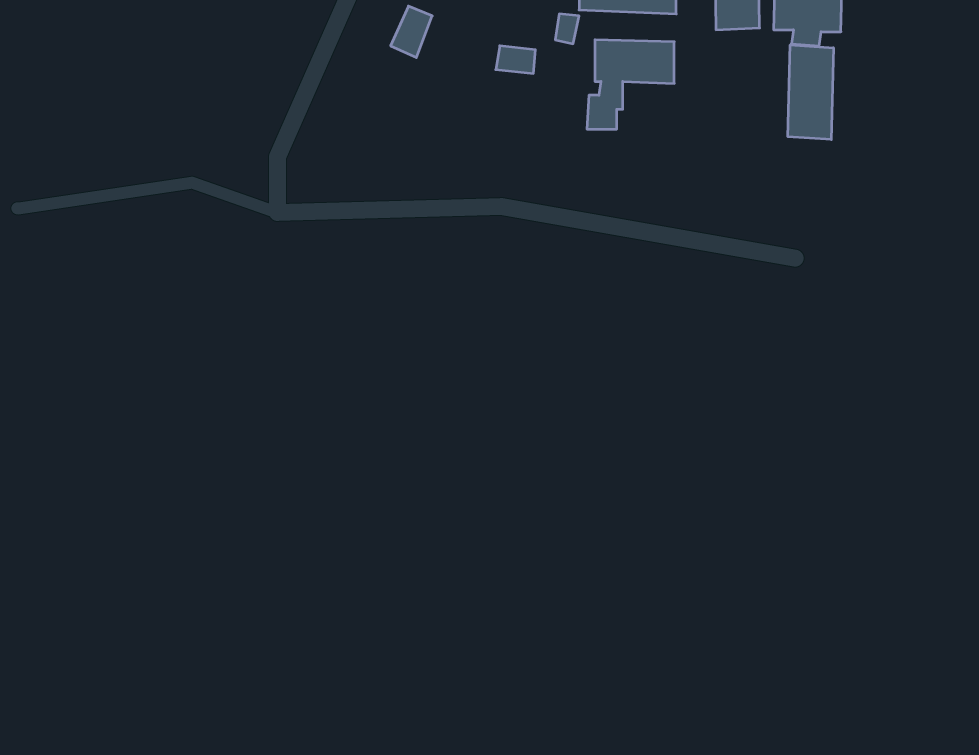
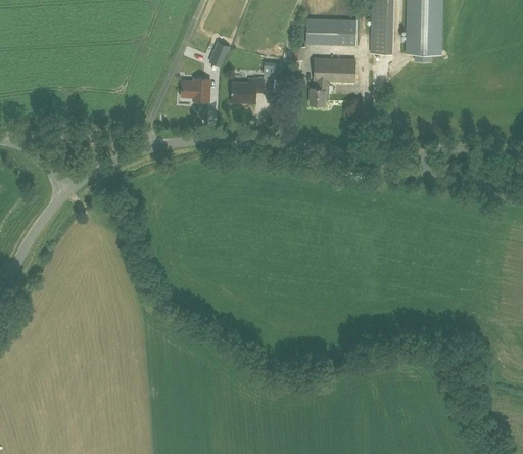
building: [788,45,833,140] -> none
building: none -> [180,78,208,100]
building: none -> [230,78,263,102]

